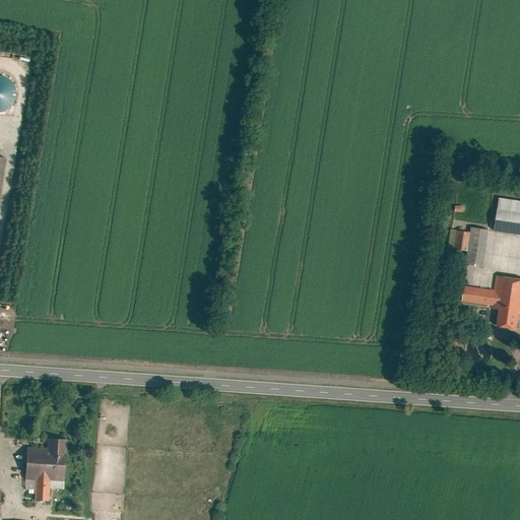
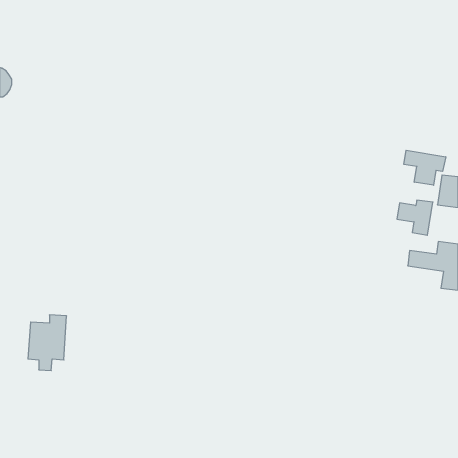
building: none -> [404,150,446,185]
building: [23,439,67,502] -> [28,315,67,371]

